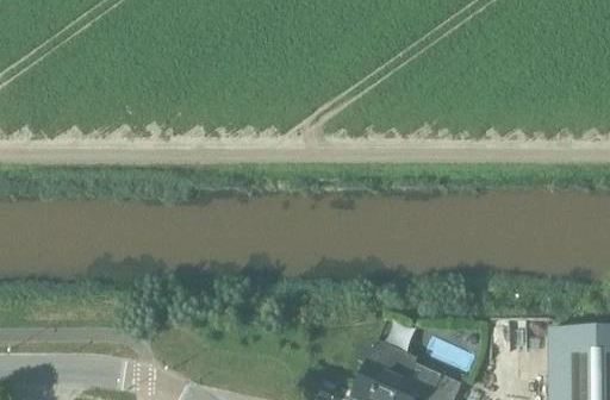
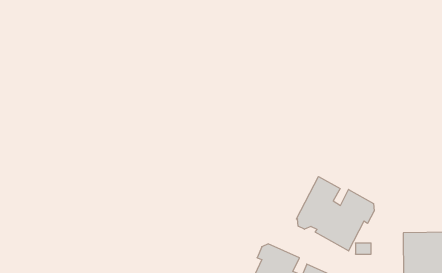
building: none -> [296,177,374,251]

